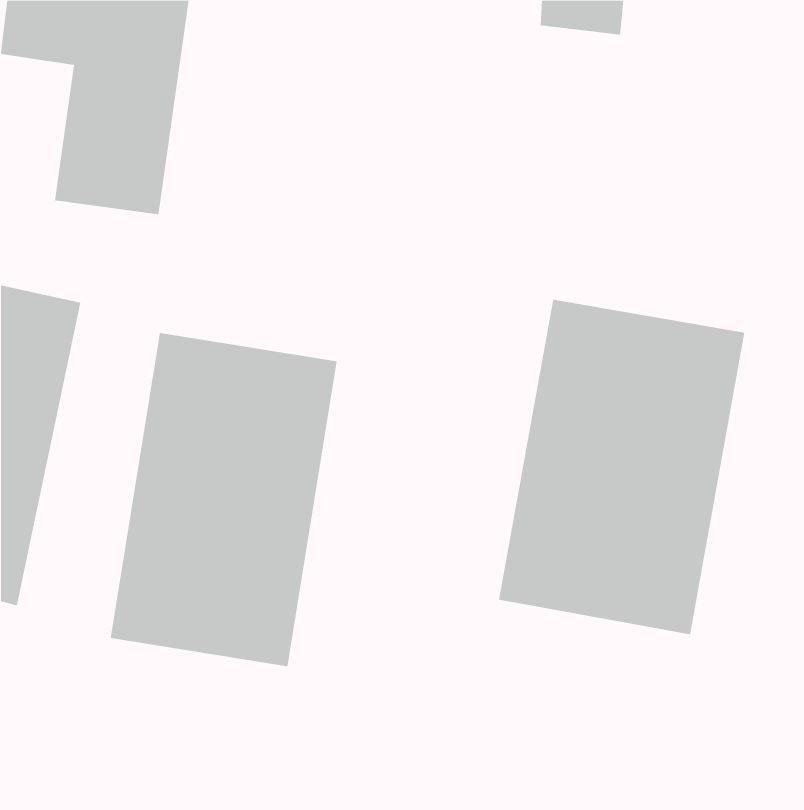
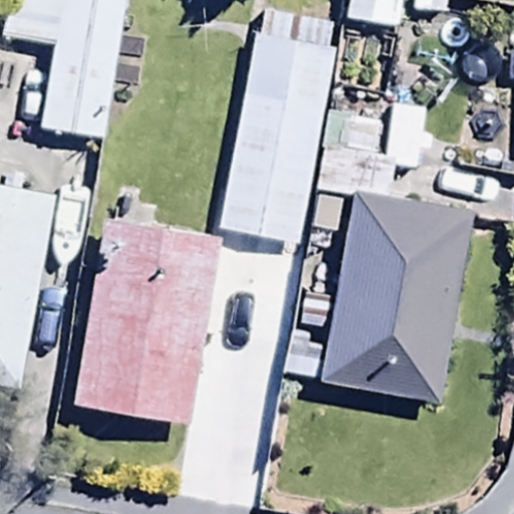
building: none -> [221,28,336,244]

